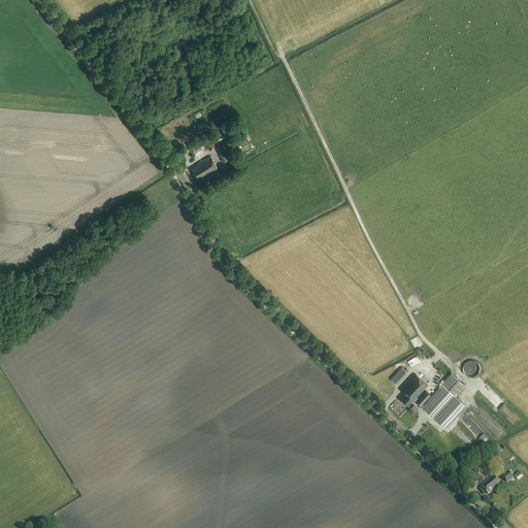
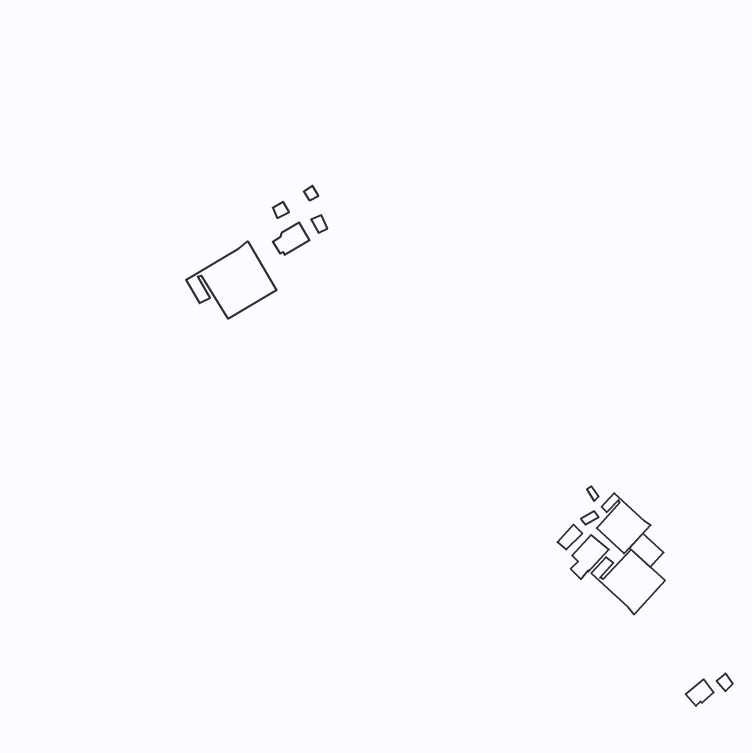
building: none -> [186,241,277,319]
building: none -> [597,493,651,554]

